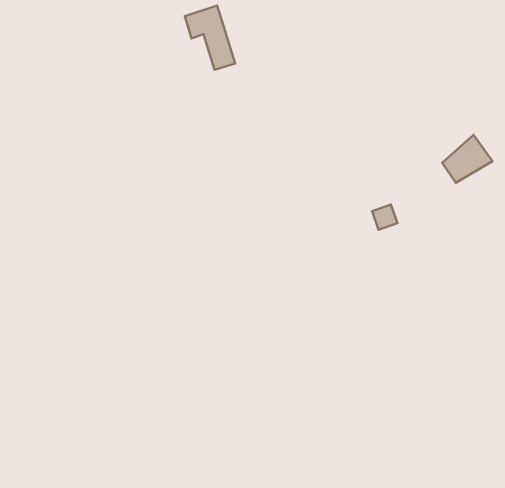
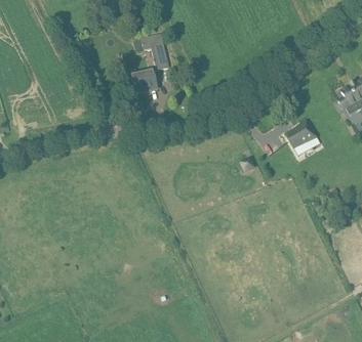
building: none -> [123,69,157,94]

